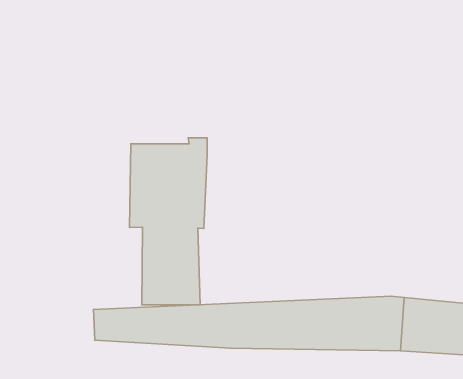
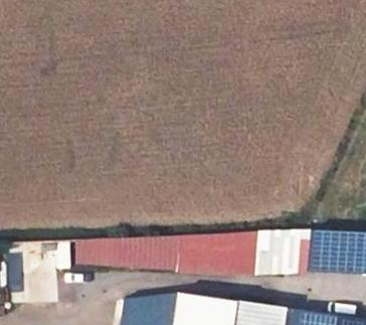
building: [129,138,207,305] -> none

